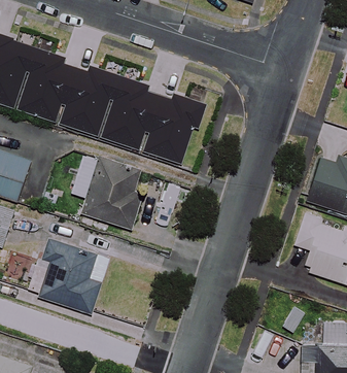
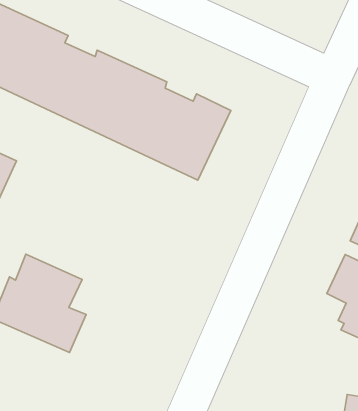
building: [83,160,142,228] -> none

